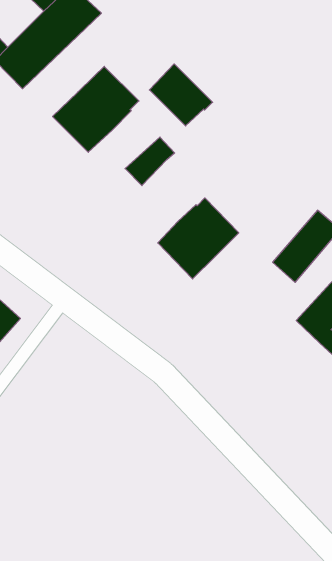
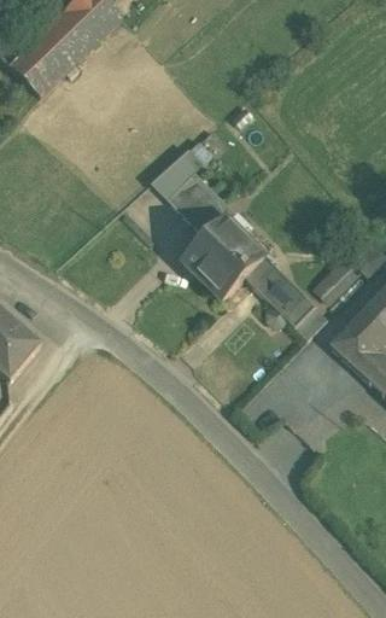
building: [149,64,213,126] -> [166,173,234,239]
building: [53,66,139,152] -> none
building: none -> [245,261,315,331]

